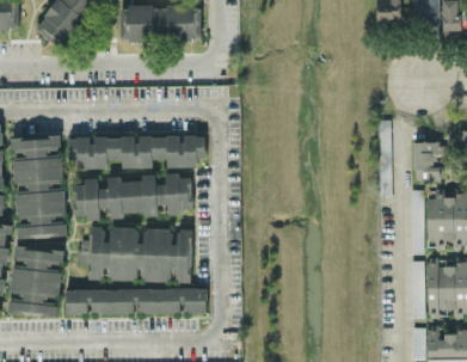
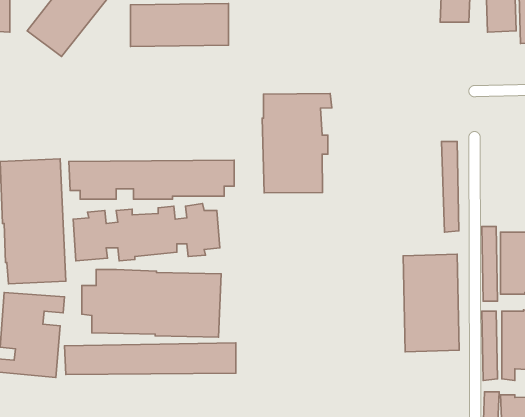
building: none -> [262,94,332,193]
building: [413,142,440,182] -> none
building: none -> [403,254,459,352]

